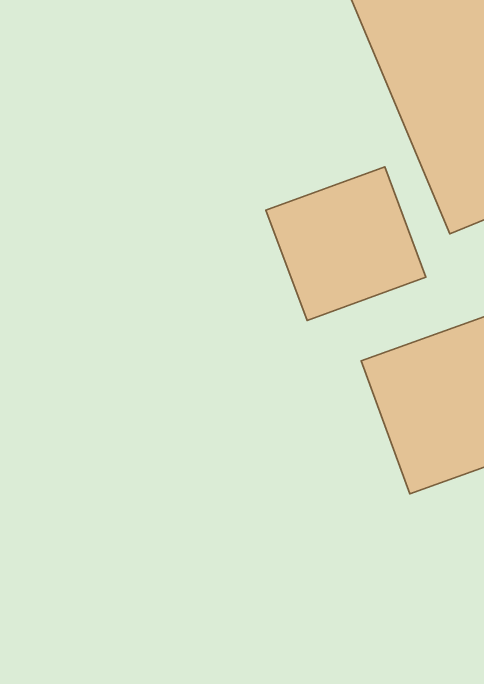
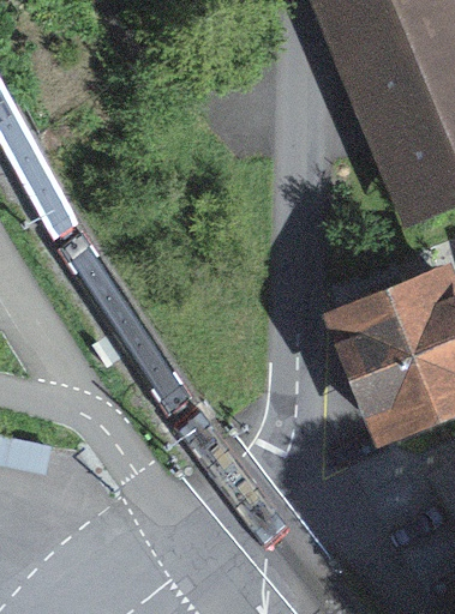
building: [266,167,426,321] -> none

